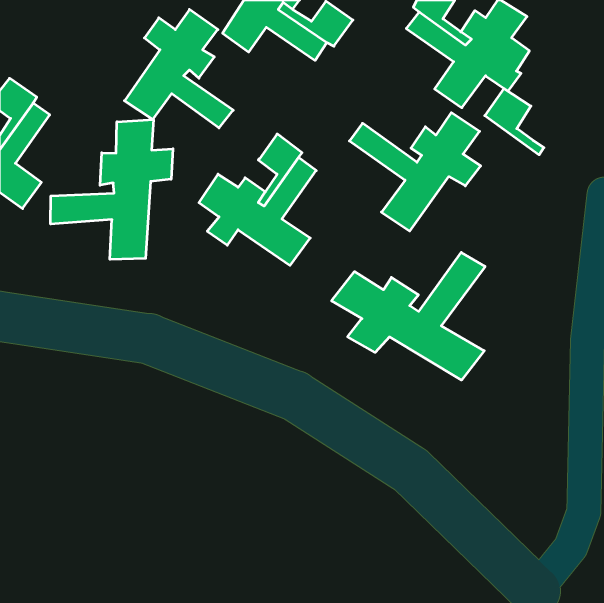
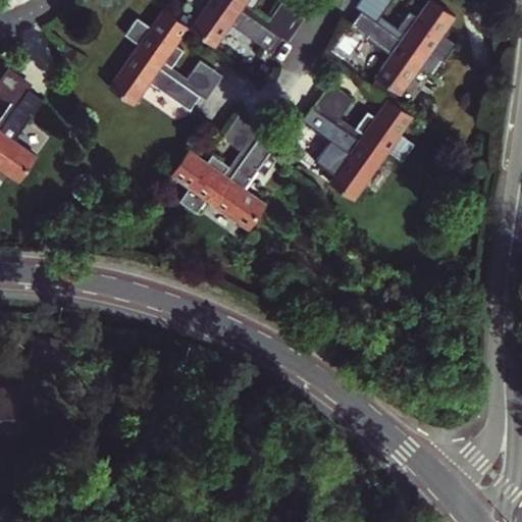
building: none -> [158,60,223,100]
building: [485,88,544,155] -> [312,85,363,142]
building: [51,120,173,259] -> none
building: [332,252,485,380] -> none

